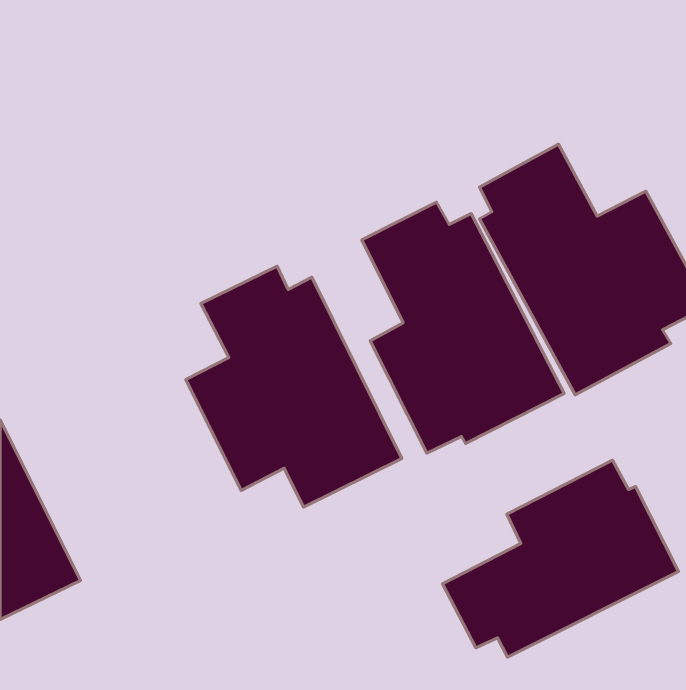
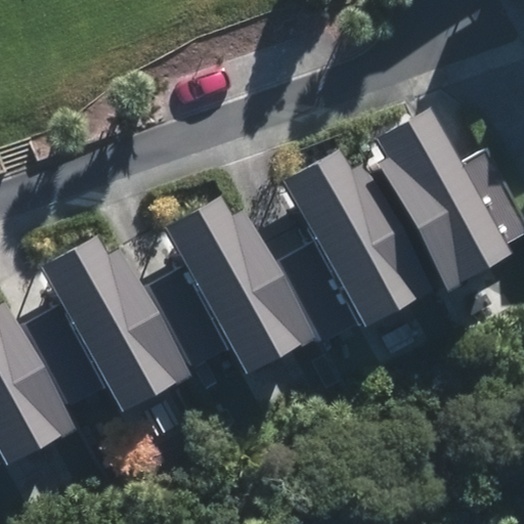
building: none -> [30,236,190,413]
building: [443,460,678,657] -> none

